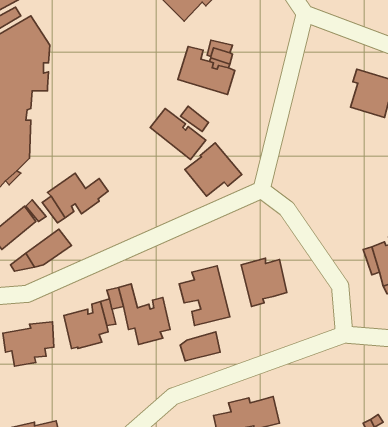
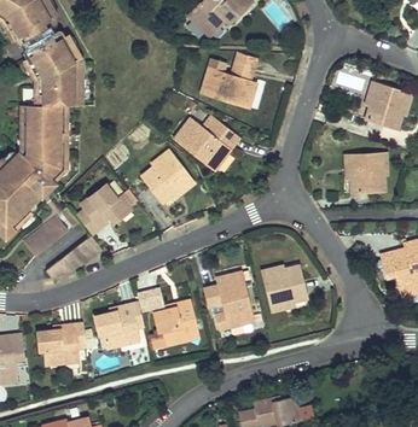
building: [185,143,242,196] -> [141,152,196,203]
building: none -> [348,154,390,193]
building: [180,332,220,361] -> none

